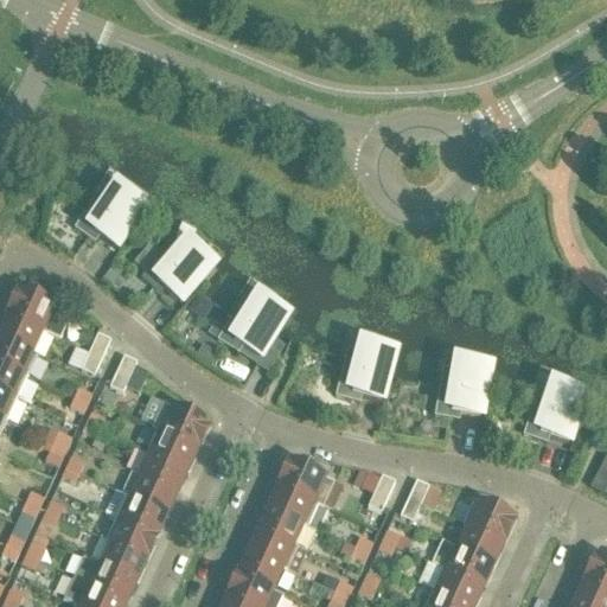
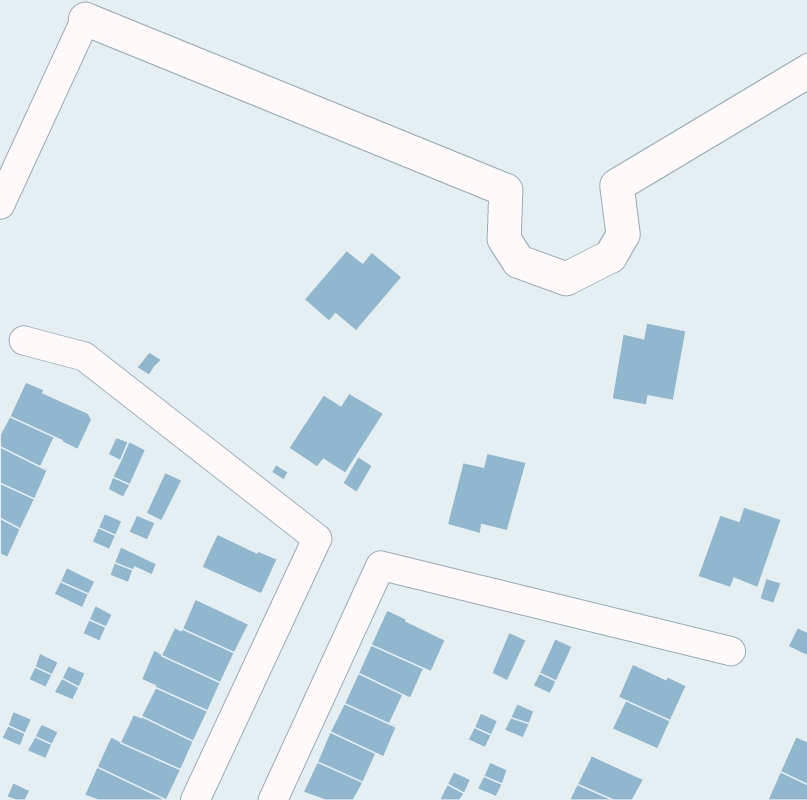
building: [76,184,147,244] -> none
building: [142,238,216,299] -> [304,250,402,331]
building: [435,356,491,417] -> [612,323,686,405]
building: [148,424,198,467] -> none
building: [434,537,494,583] -> none

